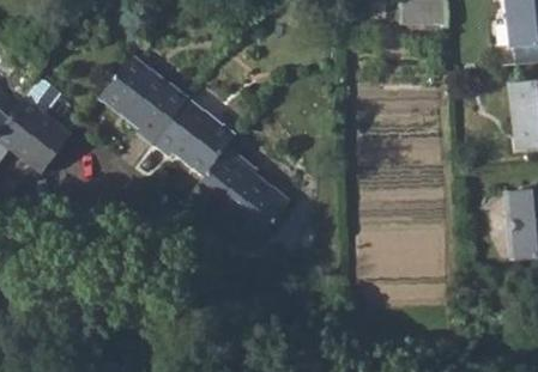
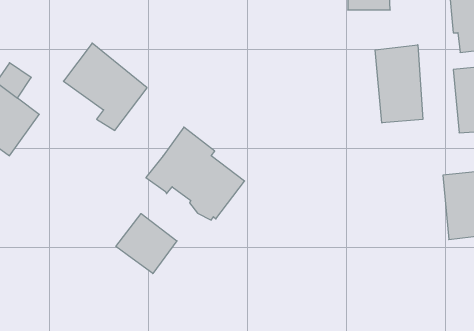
building: none -> [375,45,423,123]
building: [156,102,235,172] -> none
building: none -> [116,214,177,274]

